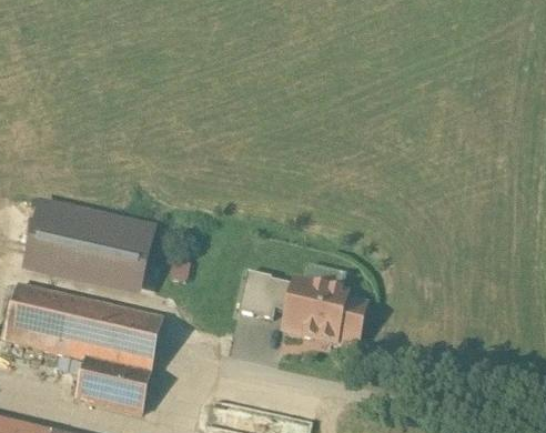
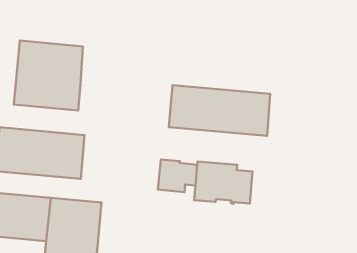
building: none -> [14,41,83,110]
building: none -> [169,85,270,136]

